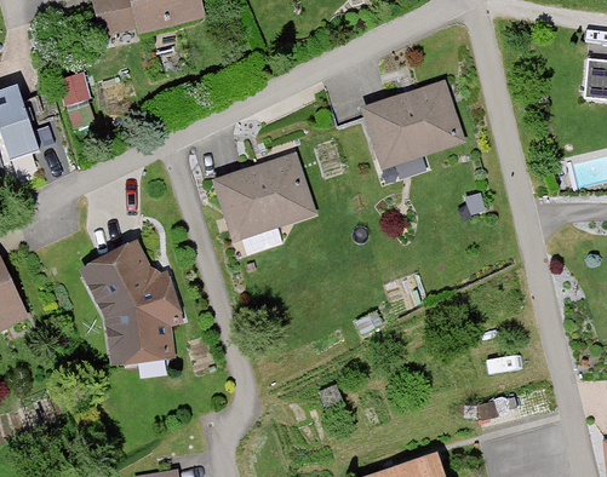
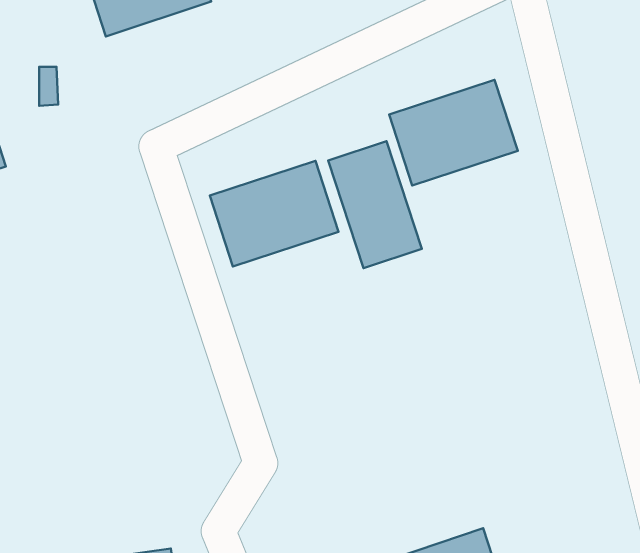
building: none -> [328,141,422,268]
building: [80,245,182,363] -> none

